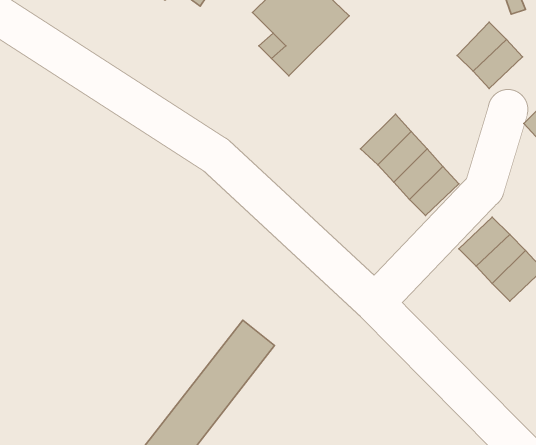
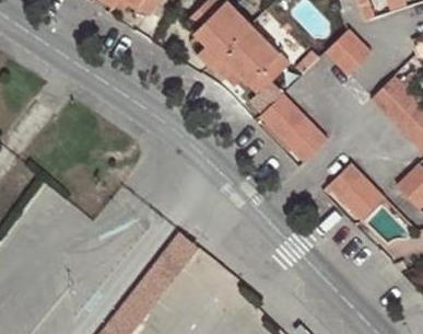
building: none -> [209,24,289,95]

